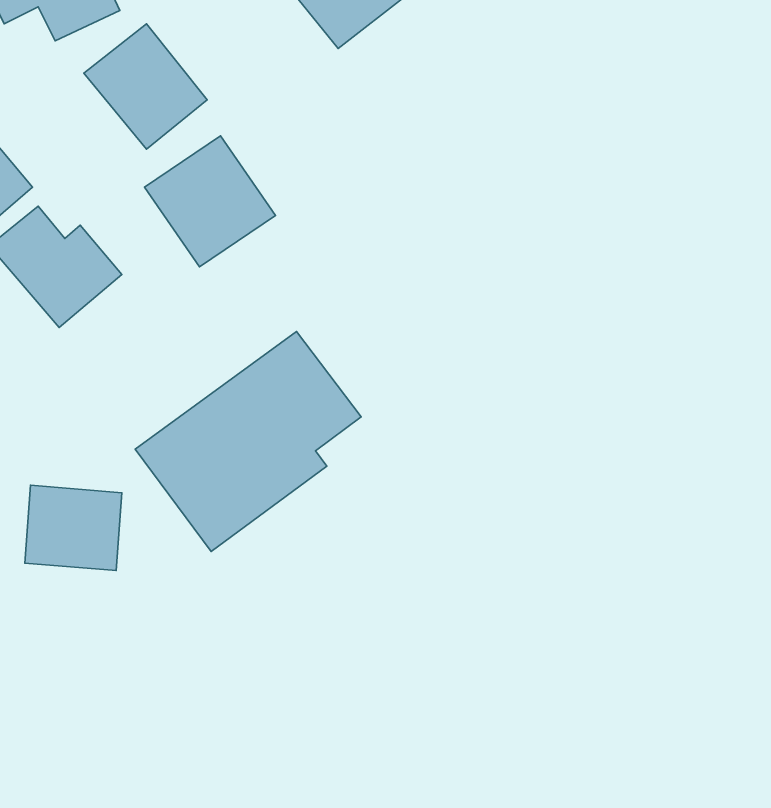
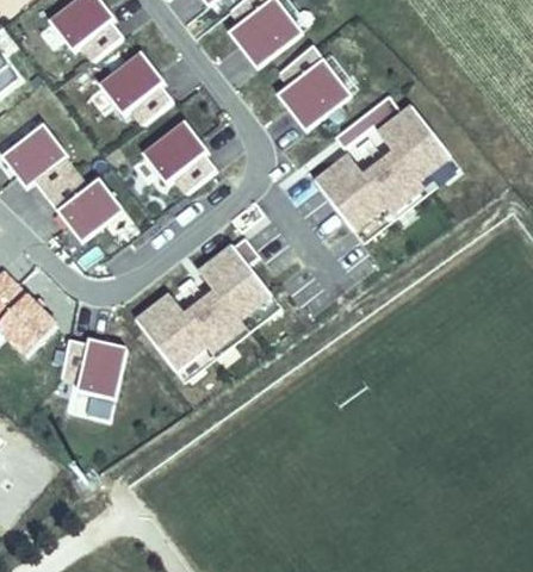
building: none -> [268,43,352,128]
building: none -> [311,88,451,242]

